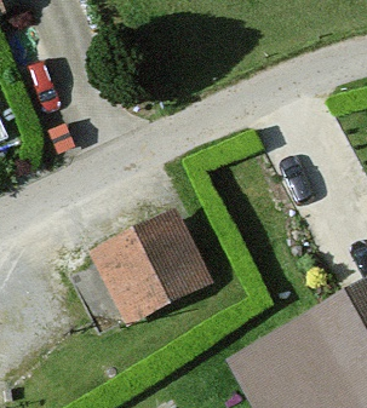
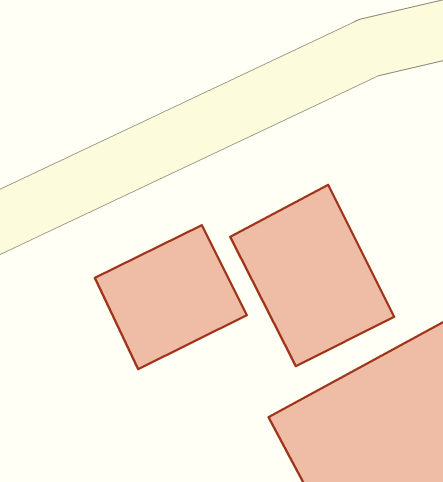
building: none -> [230,185,394,366]

